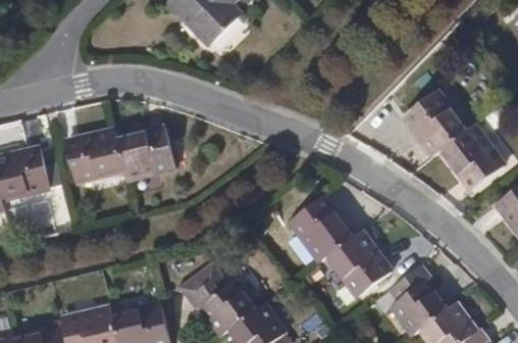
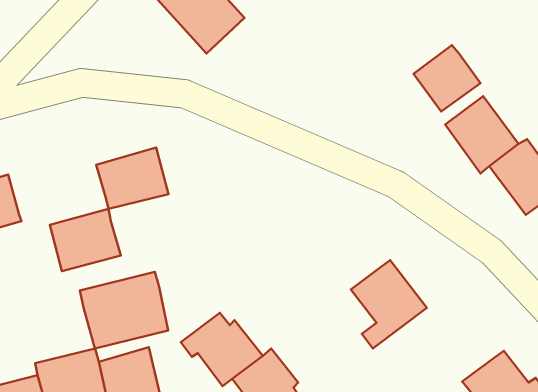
building: none -> [413,45,481,112]
building: [63,137,122,189] -> [50,209,121,271]
building: [289,192,351,257] -> none
building: none -> [80,272,168,348]
building: [390,263,447,332] -> none

